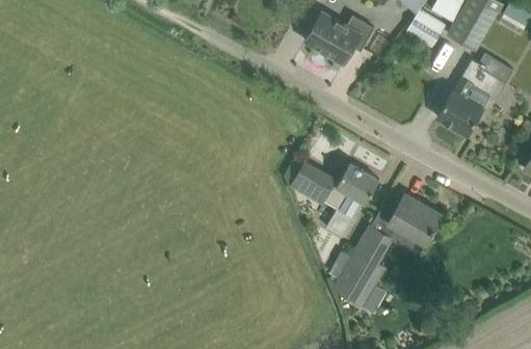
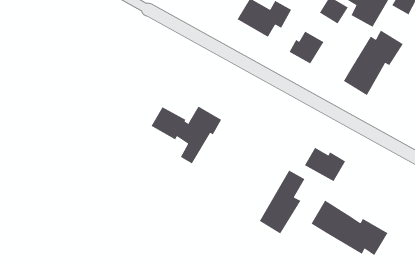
building: none -> [288,29,324,65]
building: [290,162,379,236] -> [151,105,222,165]
building: none -> [311,200,389,256]

